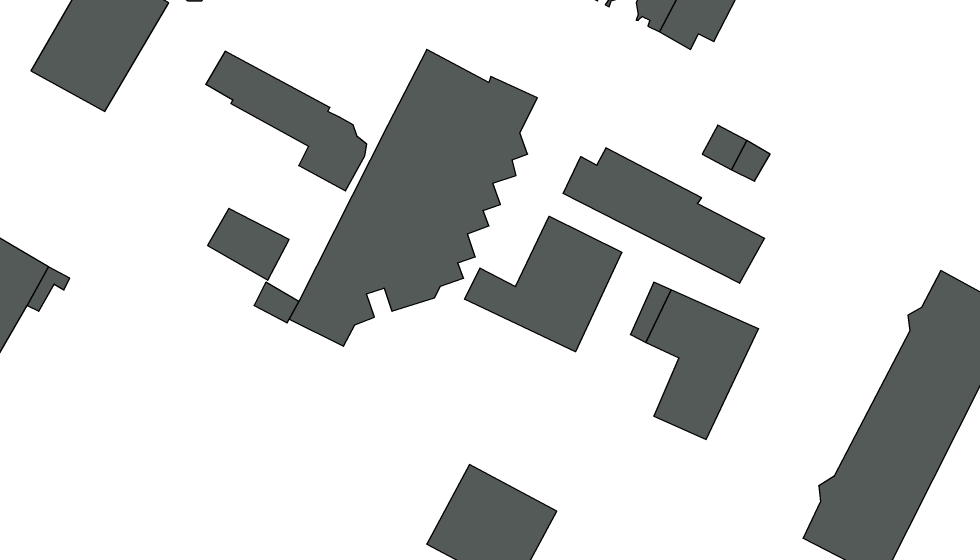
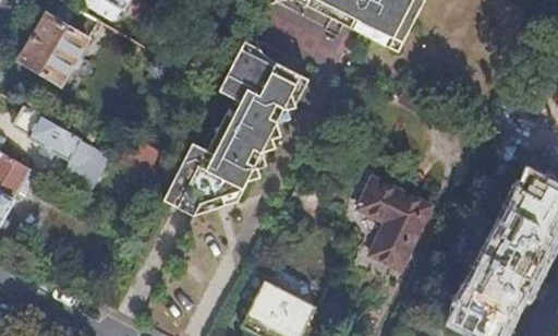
building: [206,51,367,191] -> [12,107,102,185]
building: [563,148,765,283] -> none
building: [465,216,622,352] -> none

